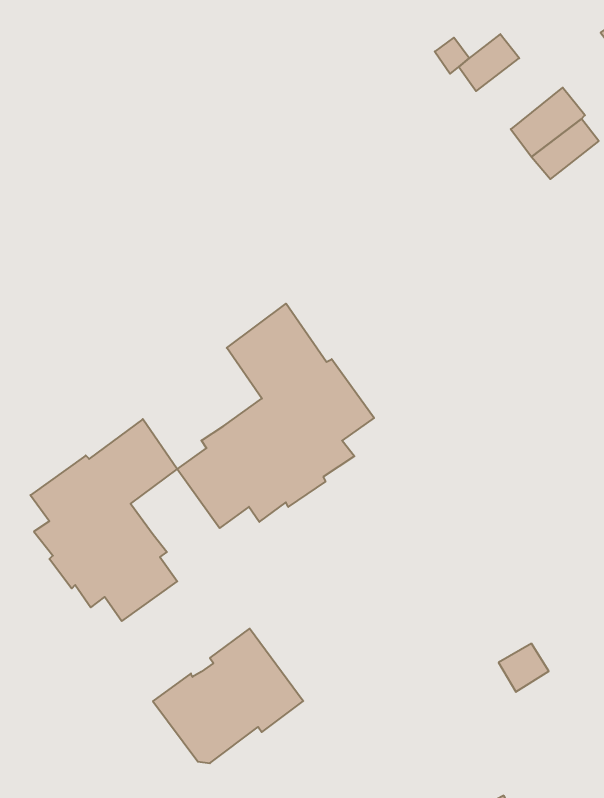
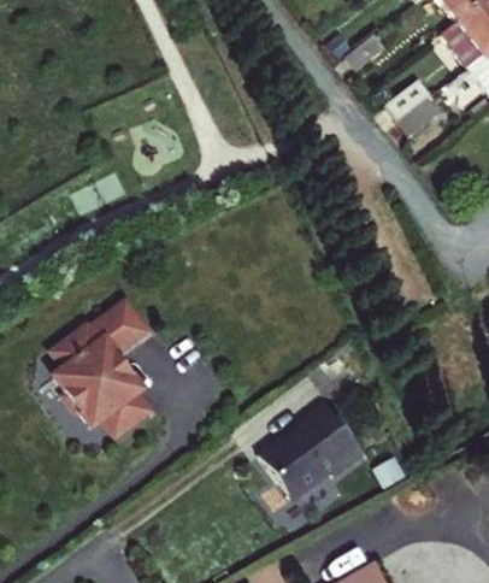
building: [177,304,374,528] -> none
building: [153,629,303,763] -> [258,407,363,501]

